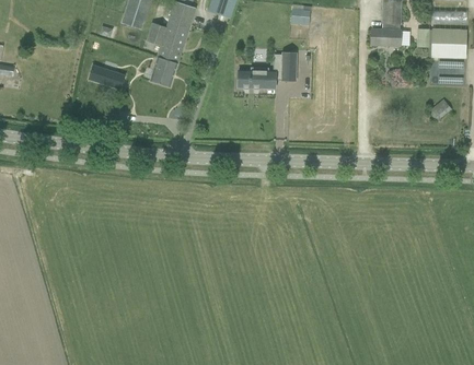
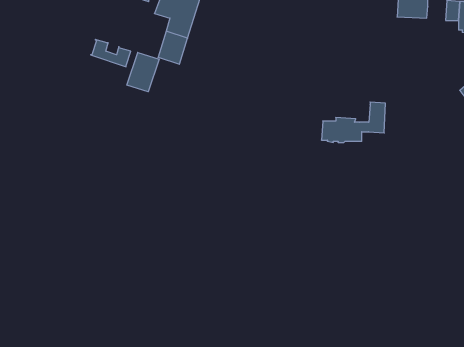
building: [239,51,298,89] -> [321,102,385,142]
building: none -> [127,52,159,92]

